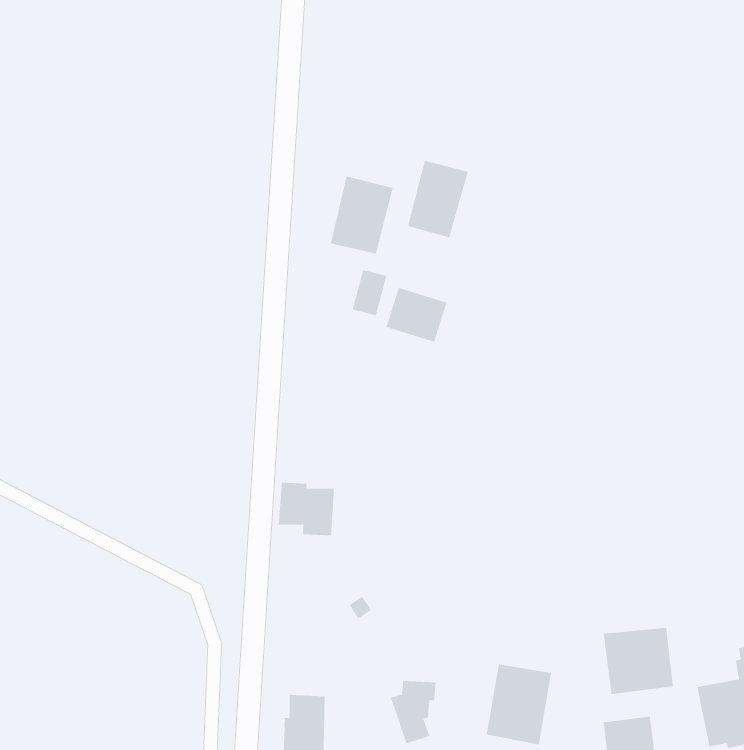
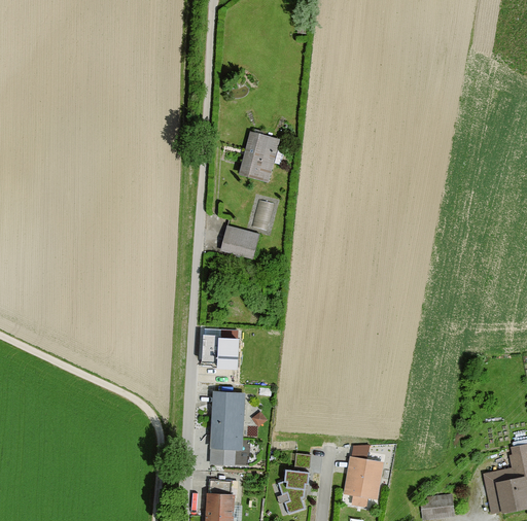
building: [408,160,469,238] -> none
building: [386,287,447,343] -> [218,223,259,260]
building: none -> [209,391,245,465]
building: [603,627,673,695] -> none

